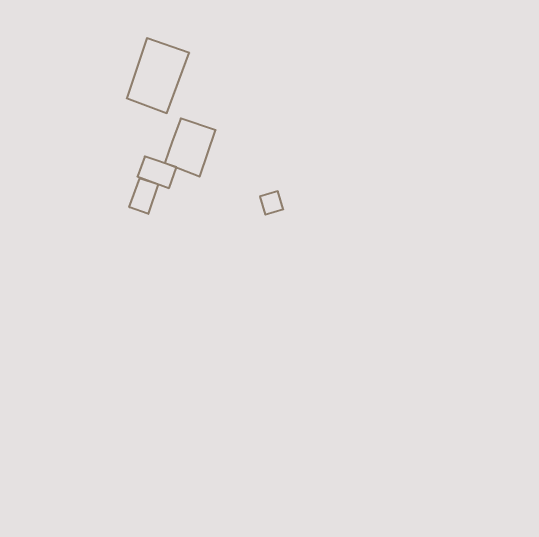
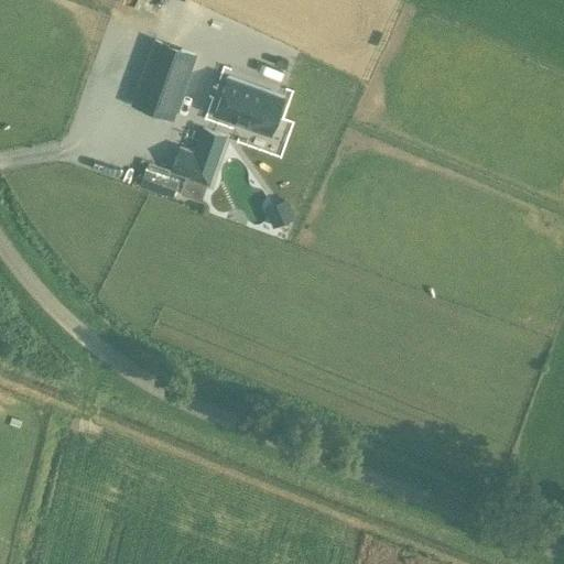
building: none -> [216,80,283,135]
building: [129,178,158,214] -> none

